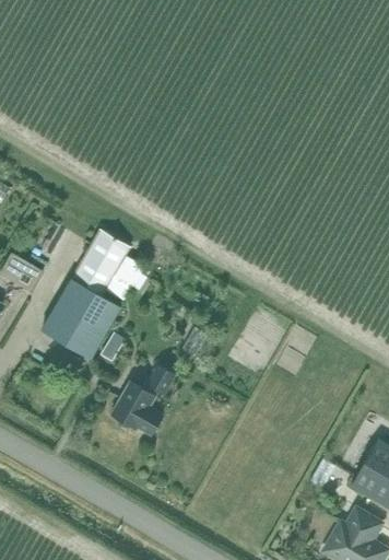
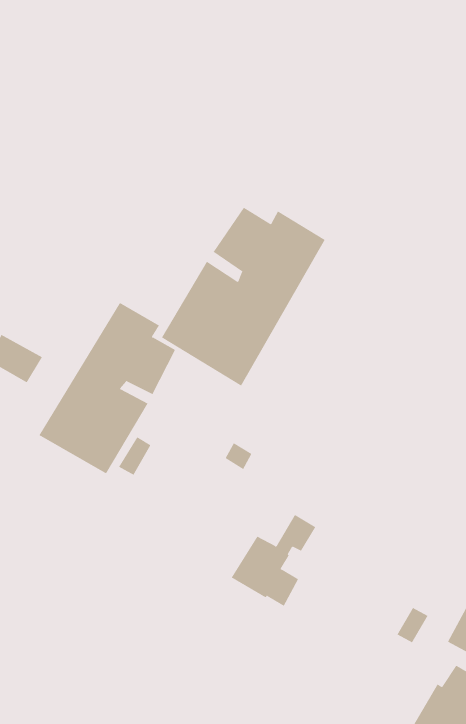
building: none -> [161,207,325,386]
building: [109,365,174,435] -> [231,514,316,607]

